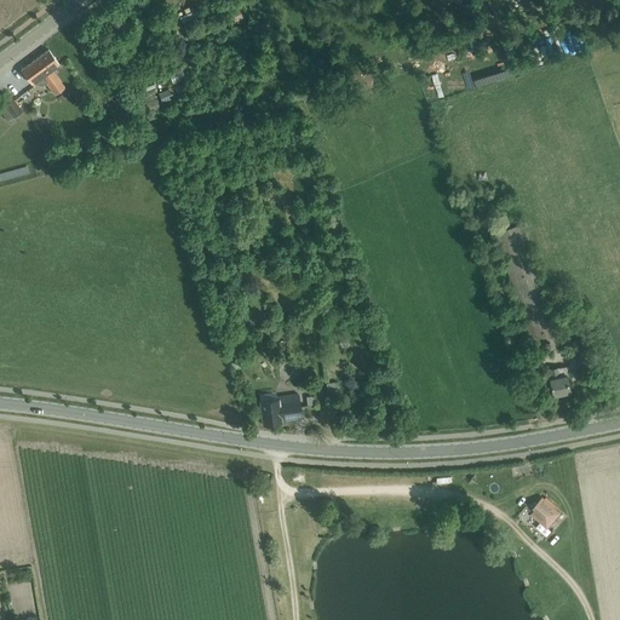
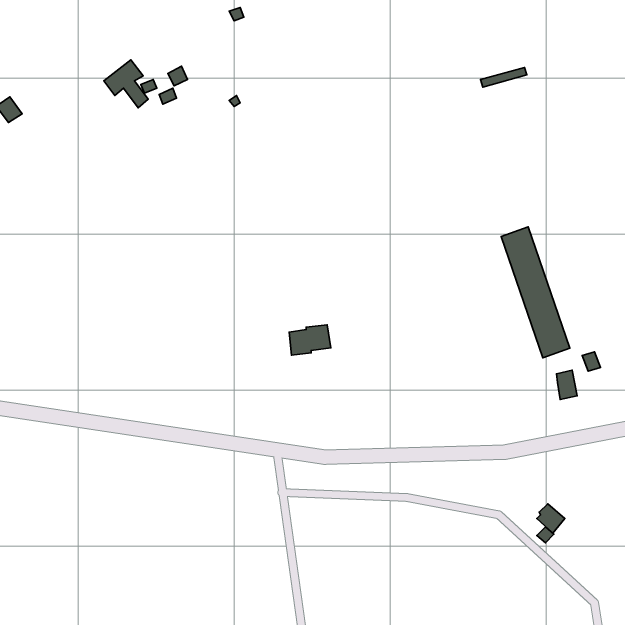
building: [21,51,64,98] -> [104,60,148,108]
building: [259,395,300,425] -> [289,325,331,355]

